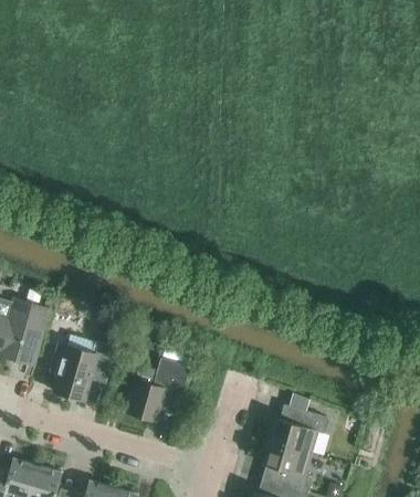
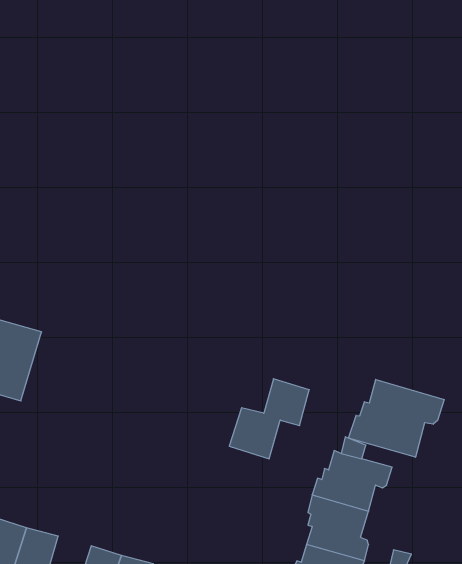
building: [51,332,119,400] -> none
building: none -> [348,379,444,457]
building: [126,357,190,421] -> [229,379,309,459]

